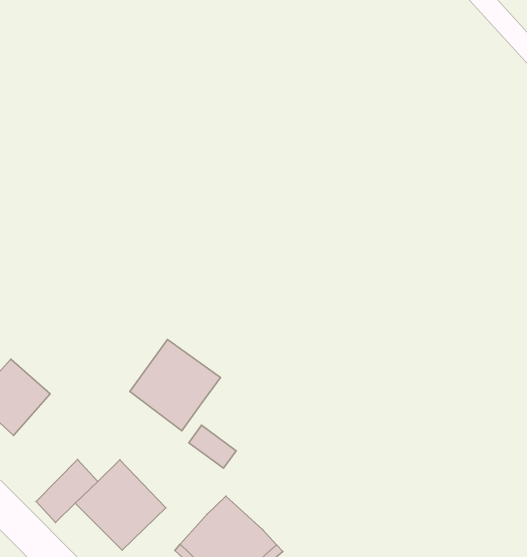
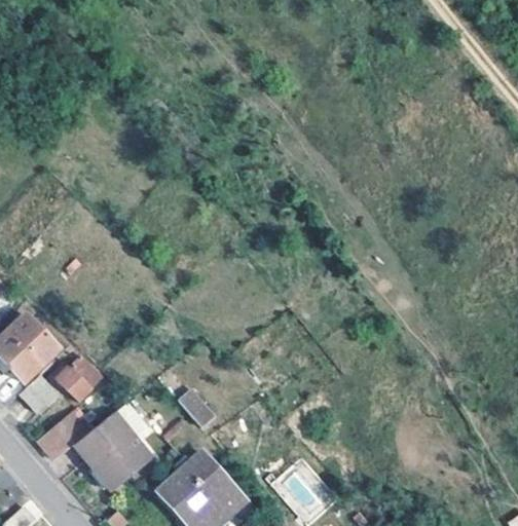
building: [130,339,221,431] -> none
building: none -> [62,352,107,399]
building: none -> [18,371,60,413]

